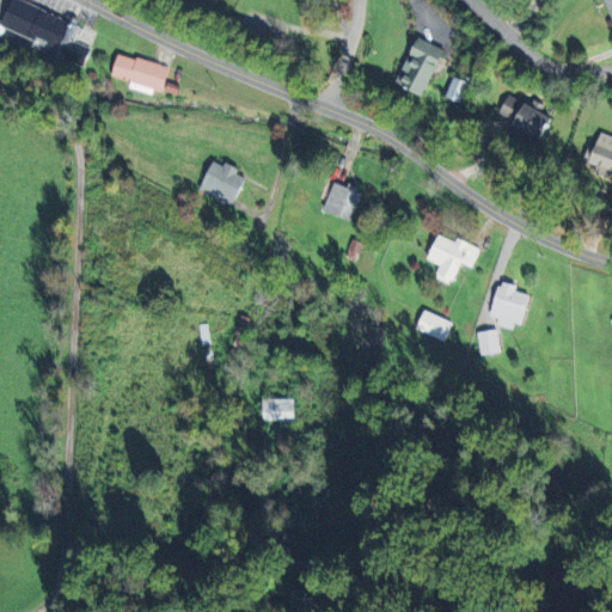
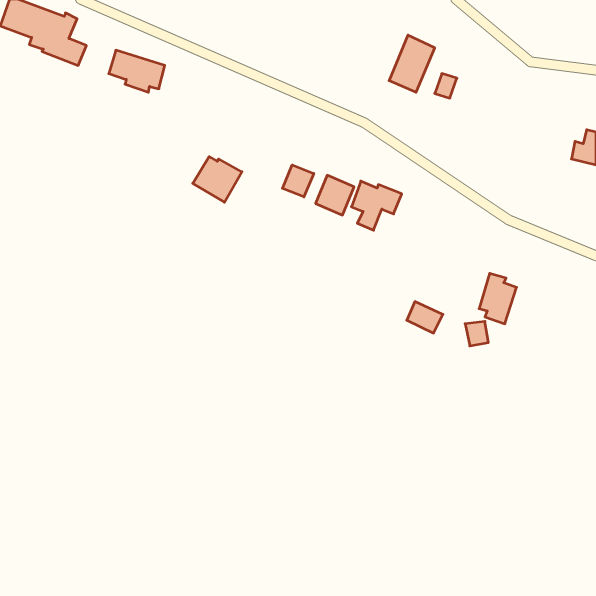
building: [498,94,553,140] -> none
building: none -> [282,165,314,197]
building: [428,233,479,283] -> [351,181,402,230]
building: [262,397,294,420] -> none

